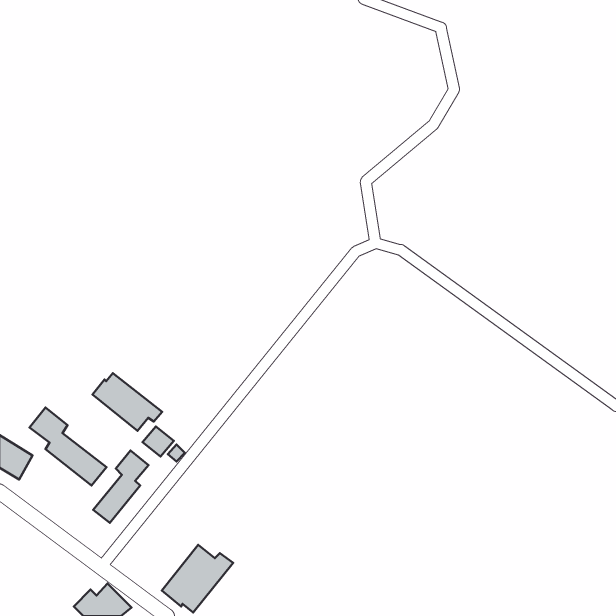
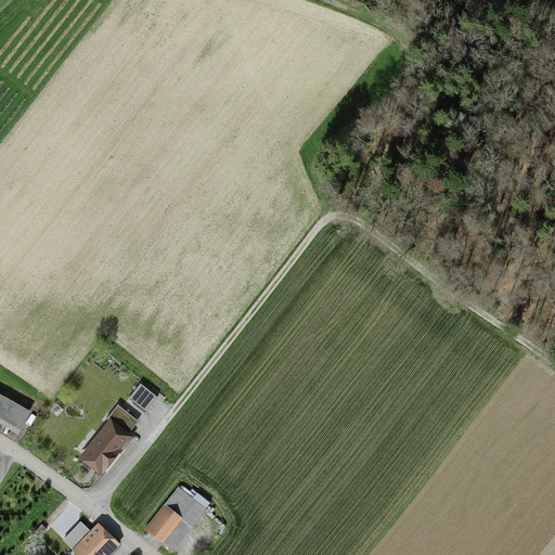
building: [93,373,162,431] -> none
building: [29,408,106,486] -> none

